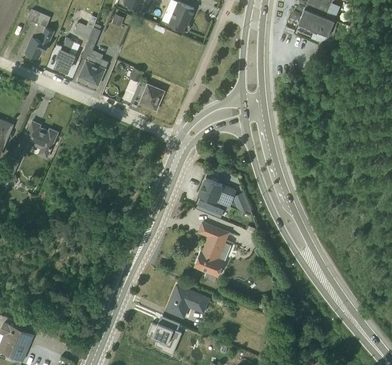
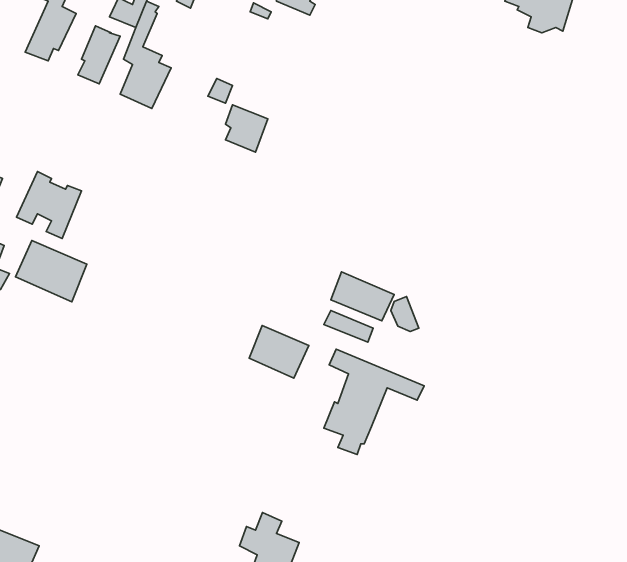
building: none -> [16,240,87,302]
building: none -> [249,326,309,378]
building: [166,284,209,317] -> none

